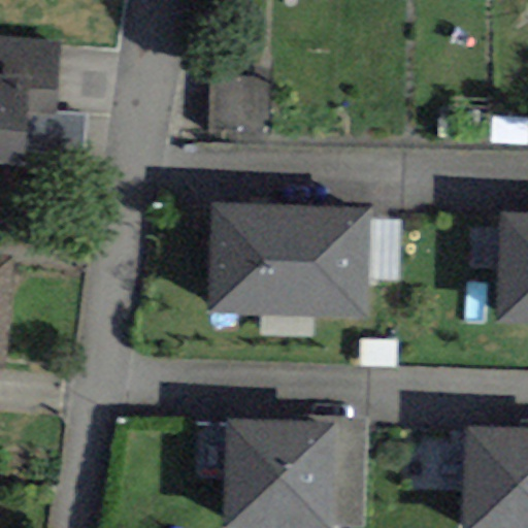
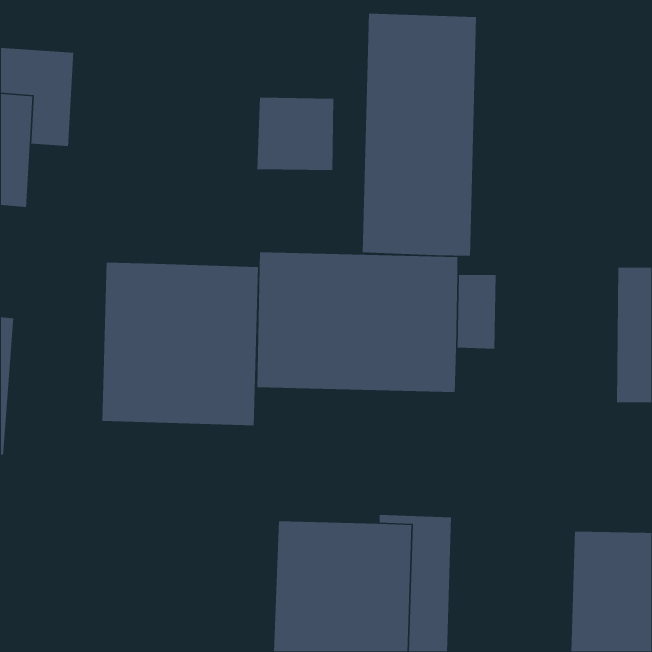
building: none -> [362,13,477,257]
building: none -> [102,262,259,426]

